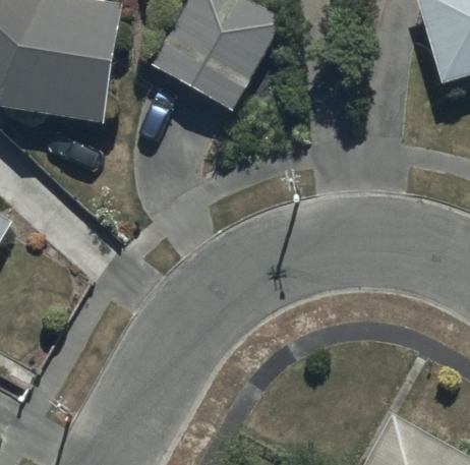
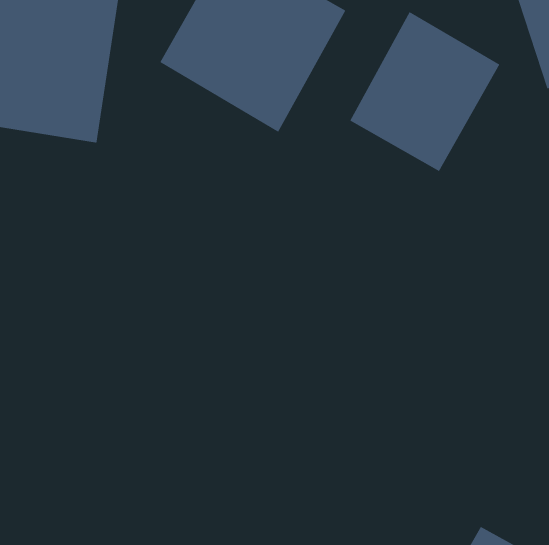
building: none -> [349,11,500,172]

